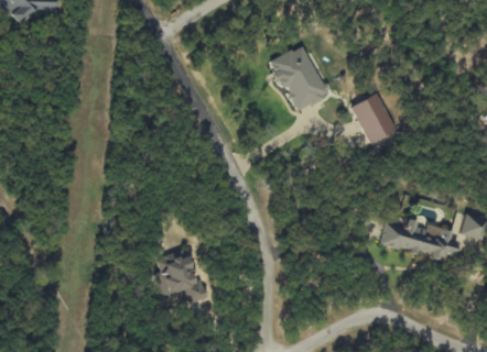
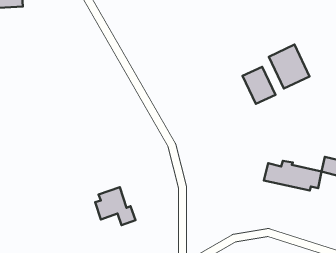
building: [268,45,327,111] -> none
building: none -> [269,44,309,89]

